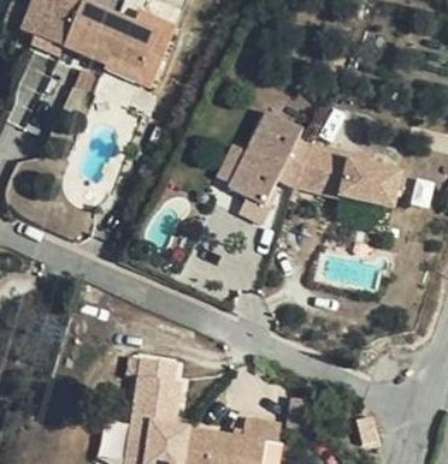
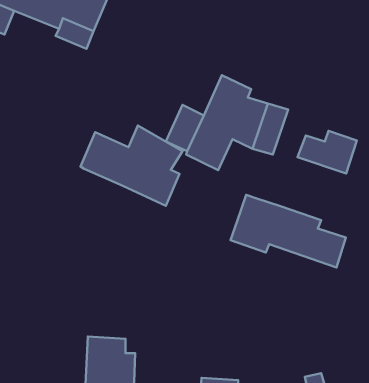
building: [322,147,381,201] -> none
building: none -> [81,126,183,206]
building: none -> [231,195,346,267]

